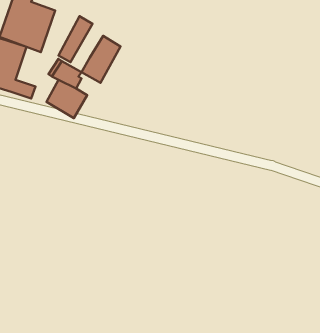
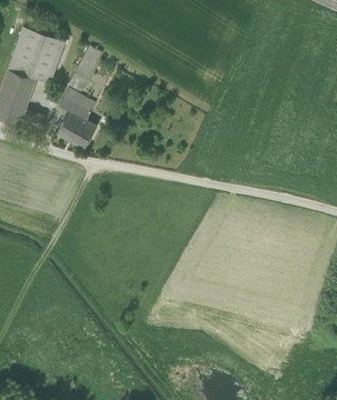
building: [82,36,121,83] -> none

